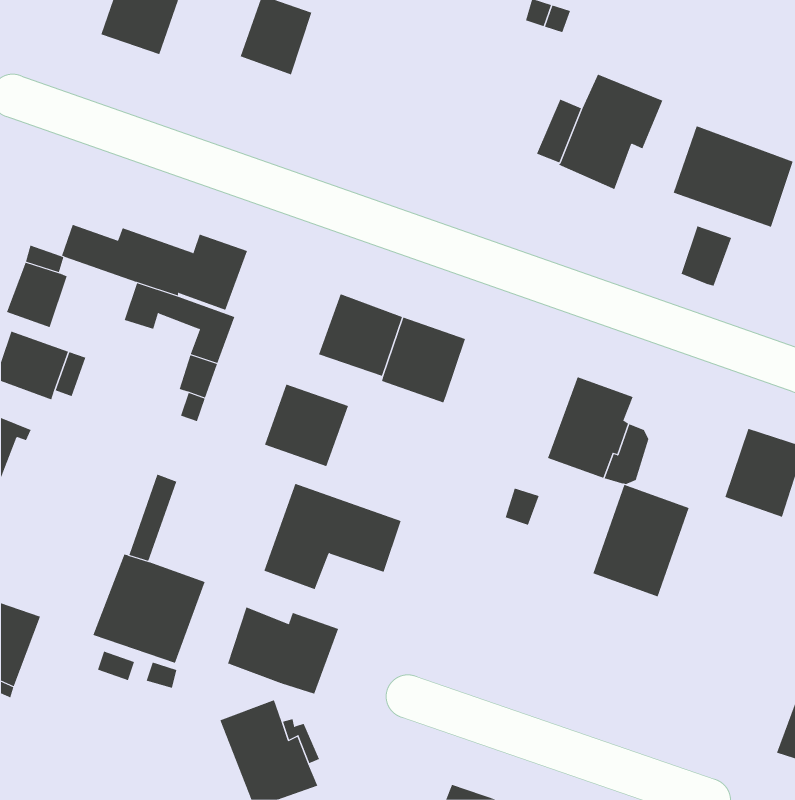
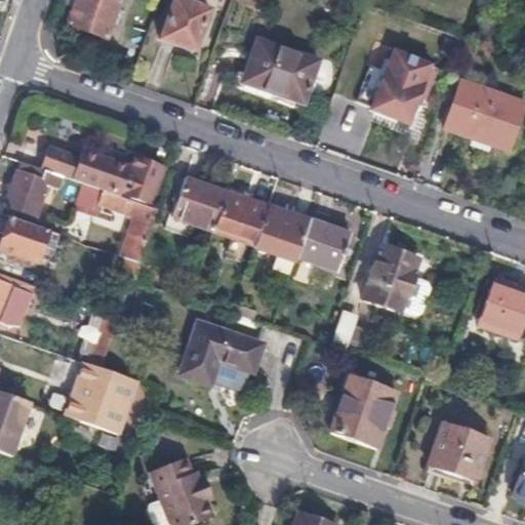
building: none -> [242,39,318,102]
building: [681,225,732,287] -> none
building: none -> [296,221,350,273]
building: [264,384,349,467] -> [171,177,227,232]
building: [592,484,690,597] -> [331,373,395,447]
building: [227,607,339,694] -> none
building: none -> [429,420,488,480]

